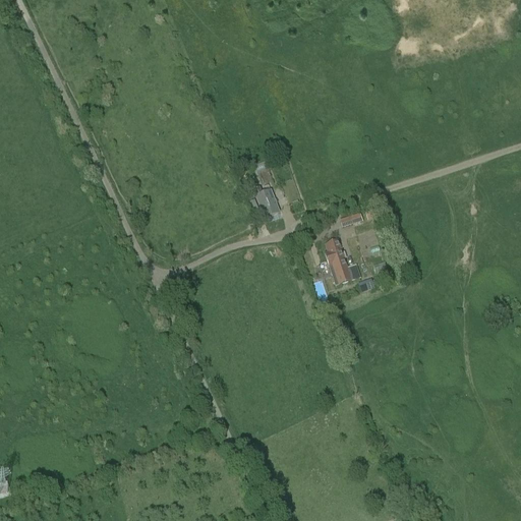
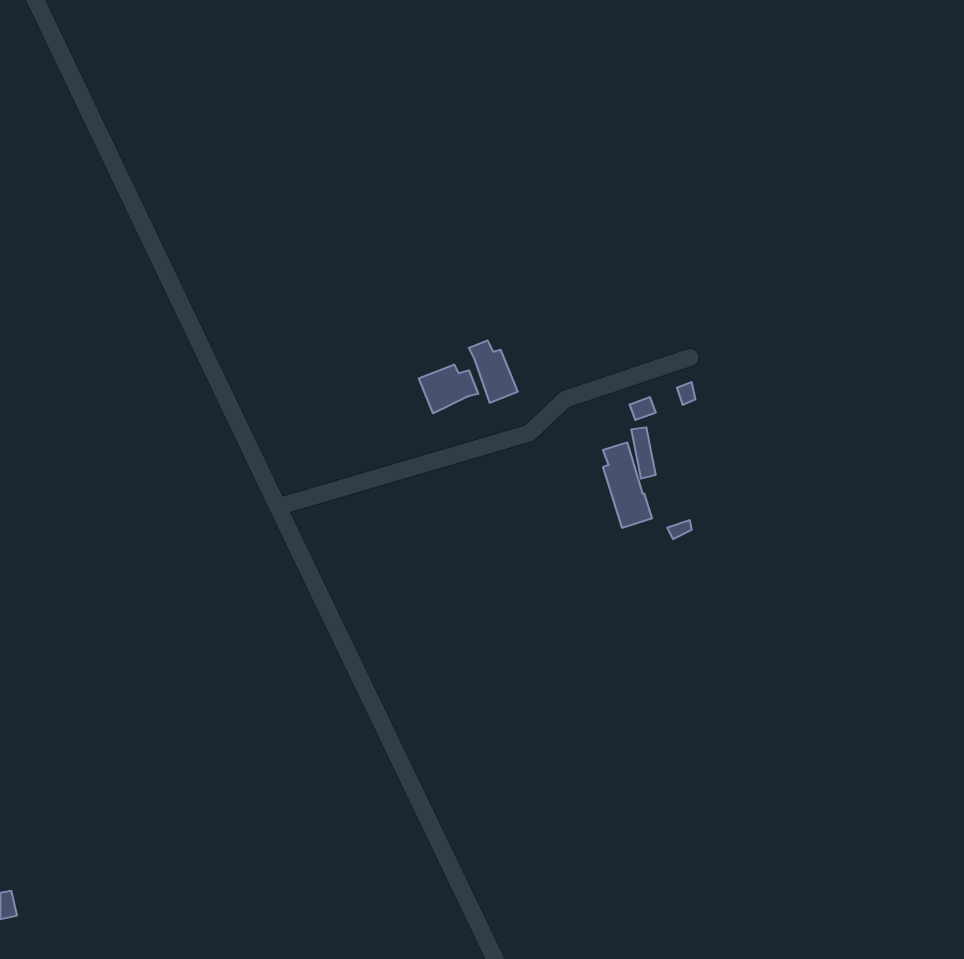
building: none -> [419,364,478,413]

